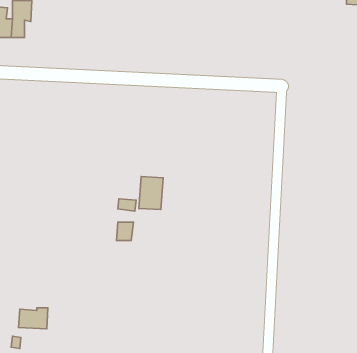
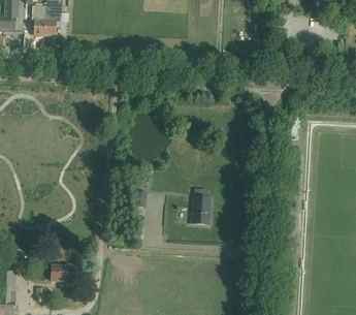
building: [139,177,163,210] -> [191,195,212,223]

